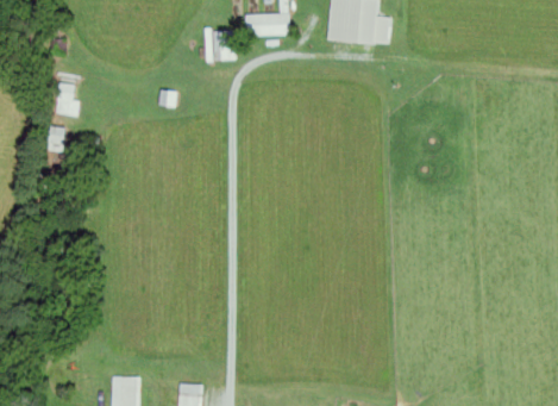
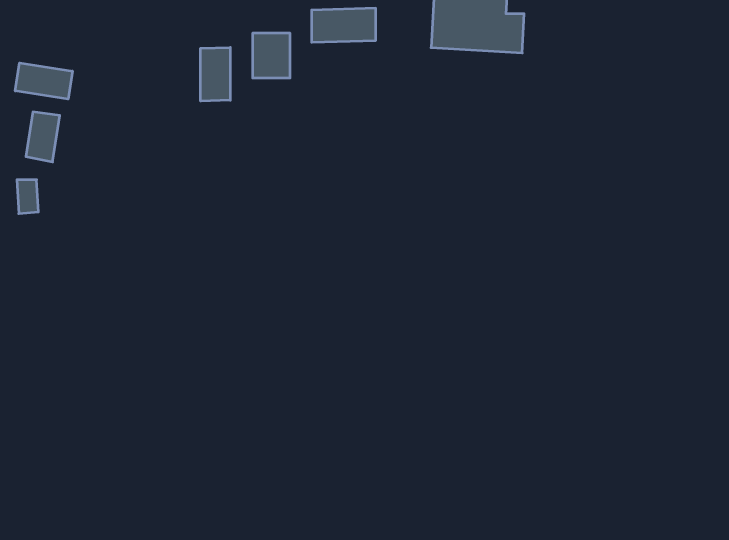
building: none -> [201,47,230,101]
building: none -> [15,63,72,99]

